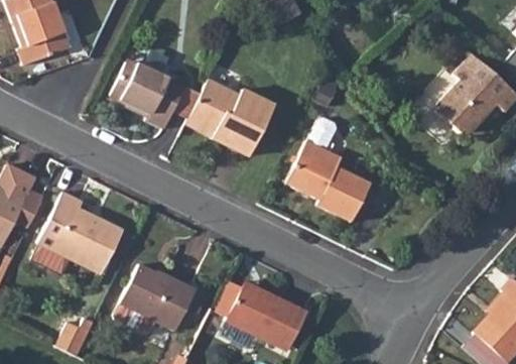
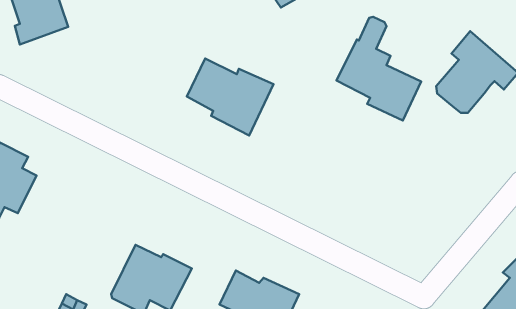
building: [112,59,184,130] -> none
building: [290,116,374,218] -> [336,17,421,120]
building: [31,194,121,275] -> none

